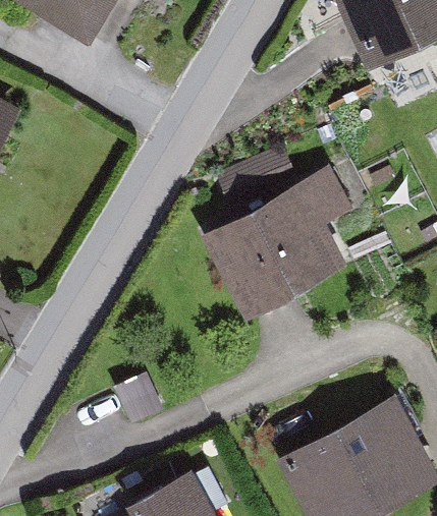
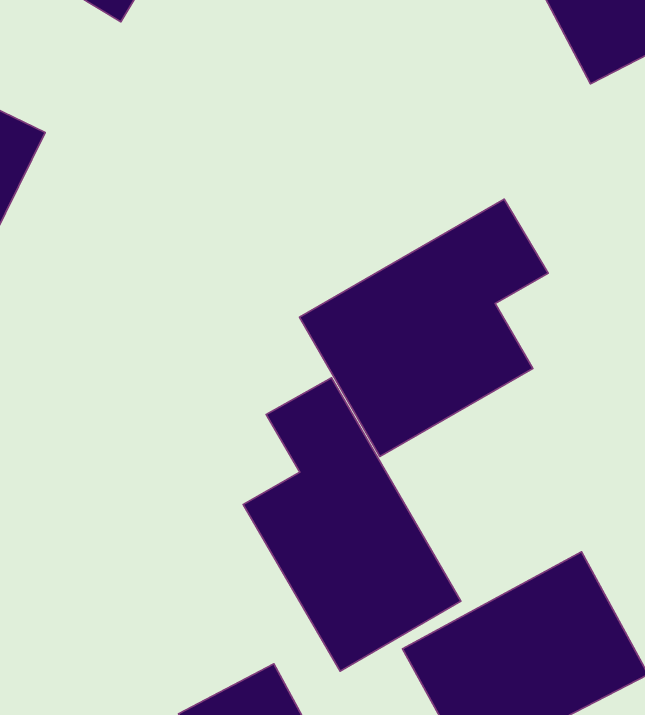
building: none -> [243,378,461,671]

